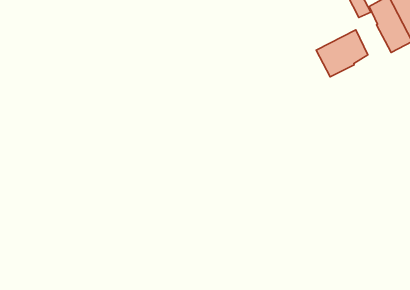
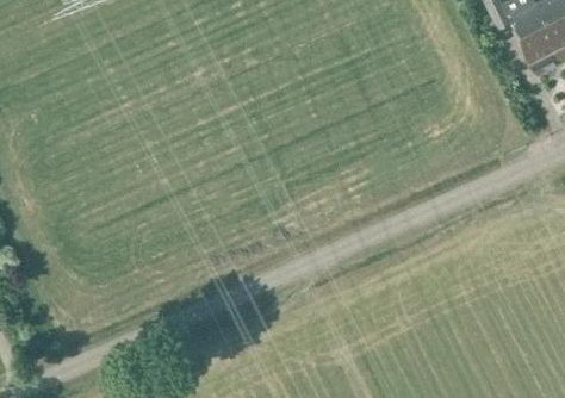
building: [316,30,368,77] -> none

